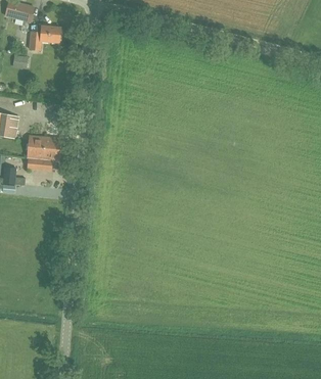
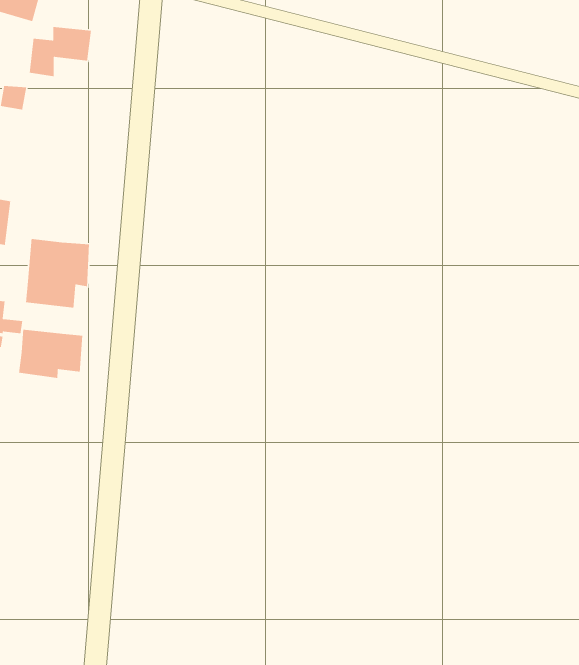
building: none -> [18,329,83,379]

